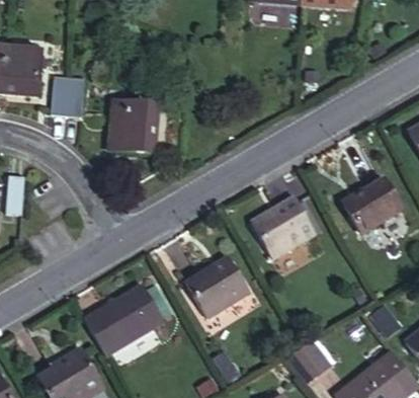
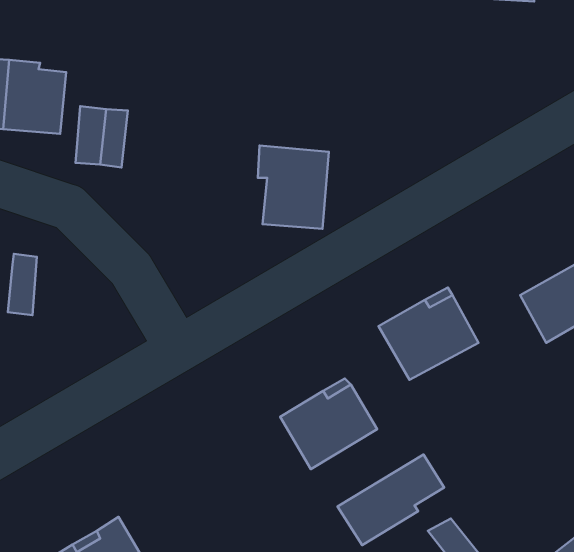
building: [113,99,160,154] -> [258,146,329,229]
building: [84,285,164,355] -> none
building: none -> [338,454,444,545]

